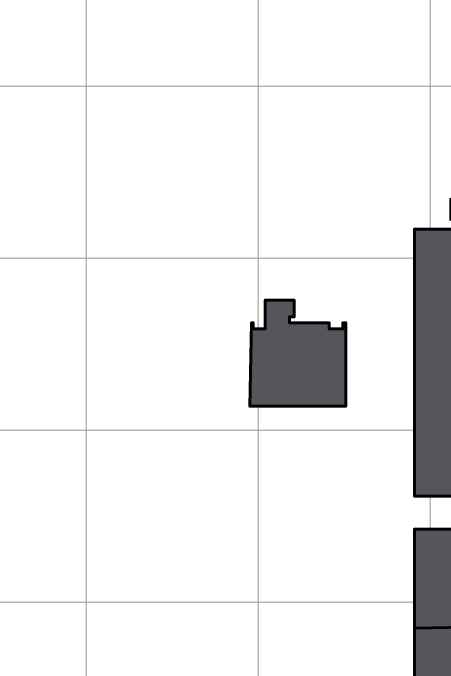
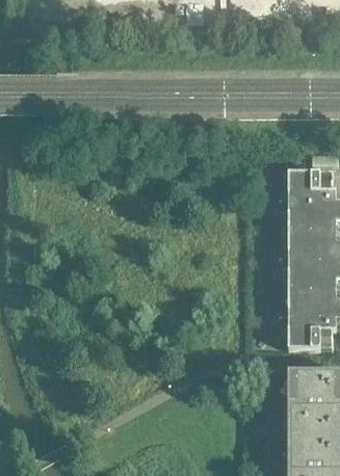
building: [250,300,346,406] -> none

